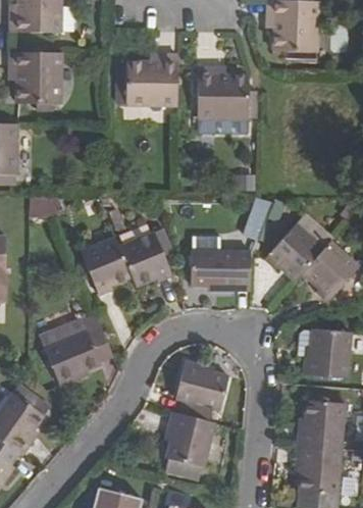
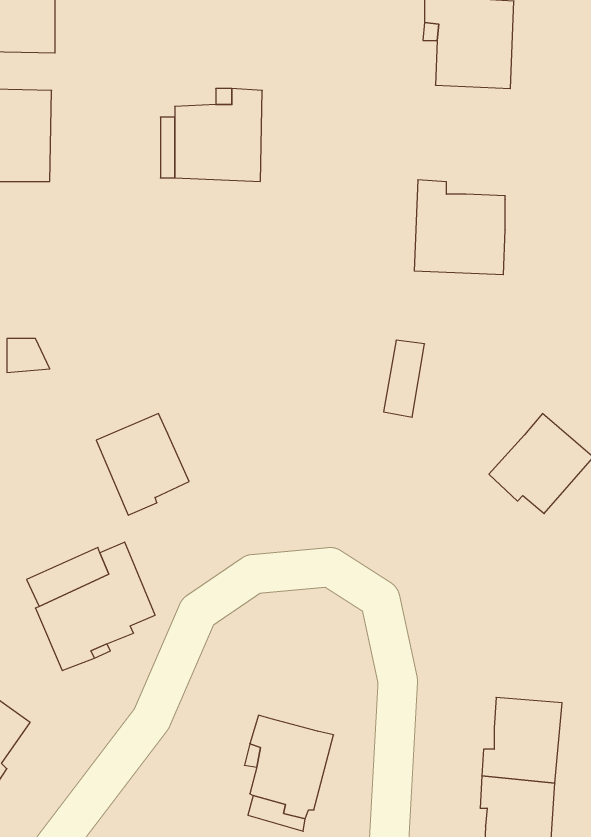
building: [196,64,248,118] -> [414,180,505,275]
building: [265,225,324,282] -> none
building: [120,234,171,286] -> none
building: [192,248,253,287] -> none
building: [303,326,351,376] -> none
building: [175,357,225,419] -> none

